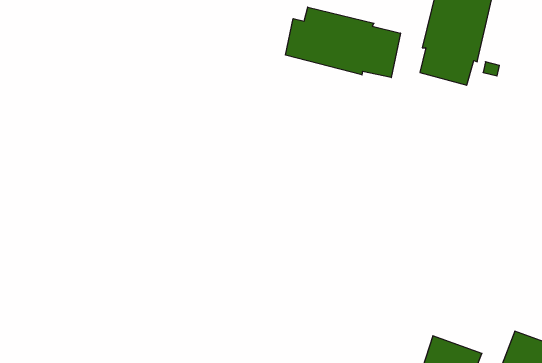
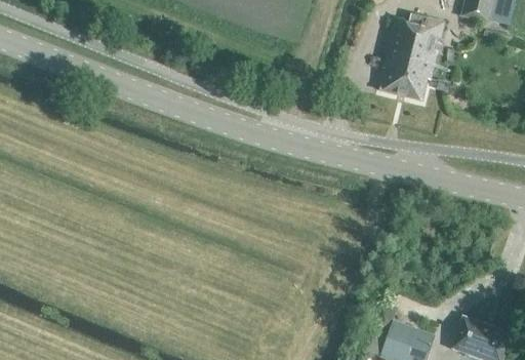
building: [286,7,400,78] -> none

